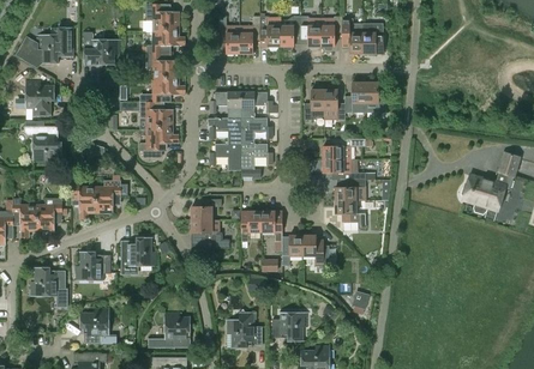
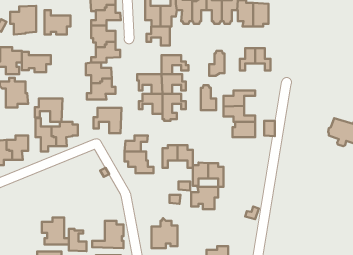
building: [324,85,344,119] -> [201,85,216,110]
building: none -> [22,52,51,72]
building: [209,91,240,116] -> [147,27,170,45]
building: none -> [35,99,63,122]
building: none -> [94,108,121,133]
building: [335,200,366,228] -> none
building: [121,236,156,273] -> none
building: [76,250,110,280] -> none
building: [30,266,67,306] -> none
building: [271,311,307,341] -> [191,187,218,209]
building: none -> [69,229,87,251]

